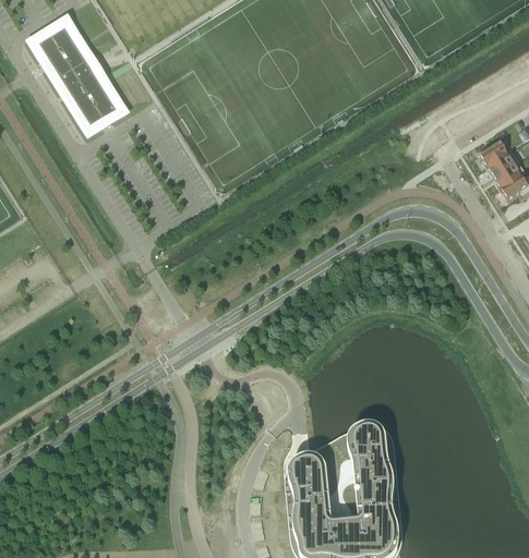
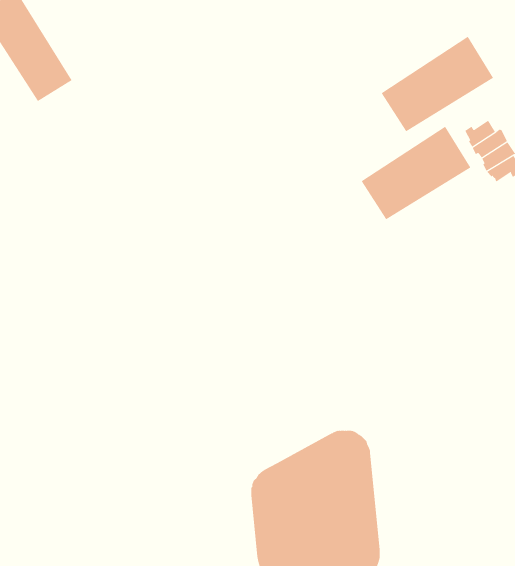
building: none -> [381,36,494,132]
building: none -> [361,126,471,220]

